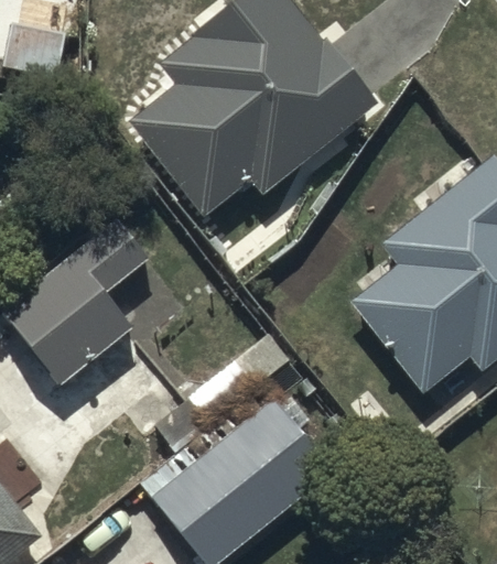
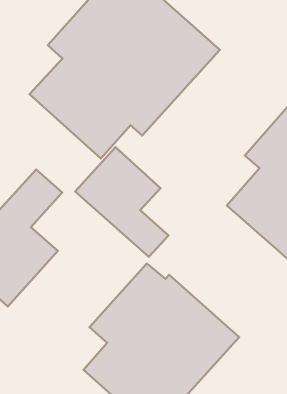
building: none -> [75,147,169,257]

